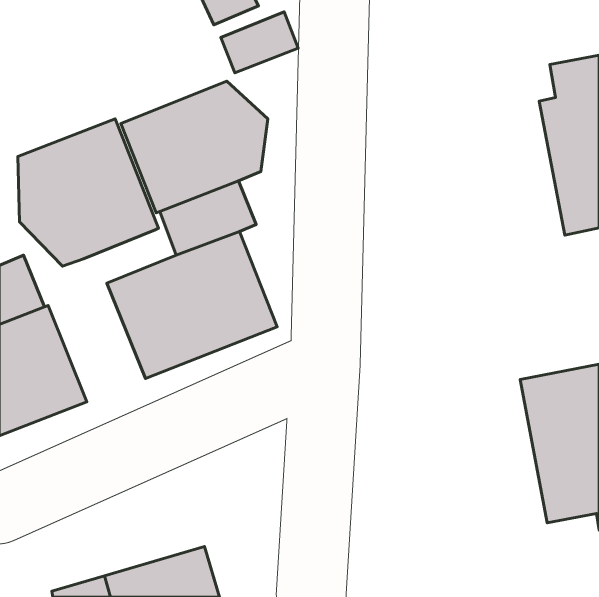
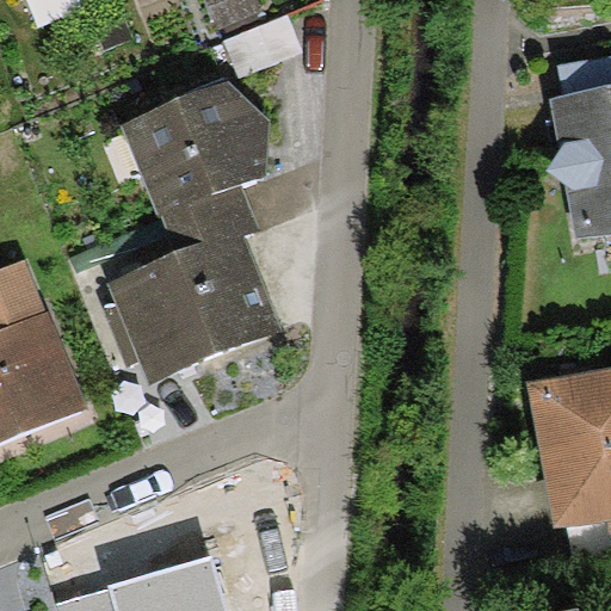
building: [18,119,158,266] -> none

